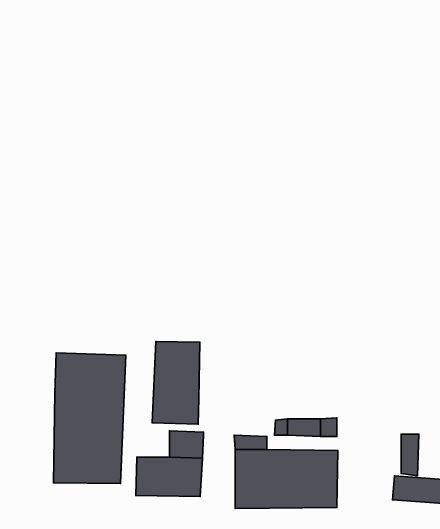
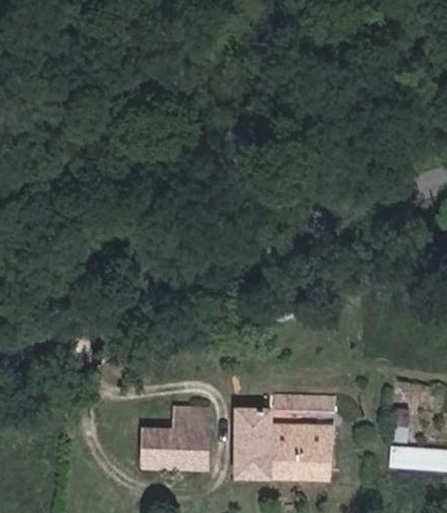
building: [152,342,200,424] -> none
building: [53,353,126,484] -> none

